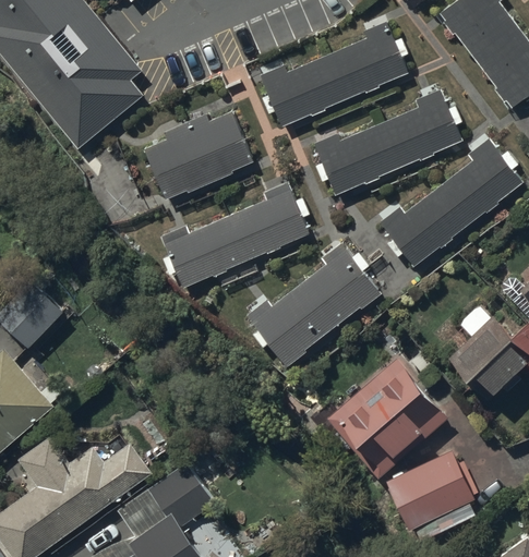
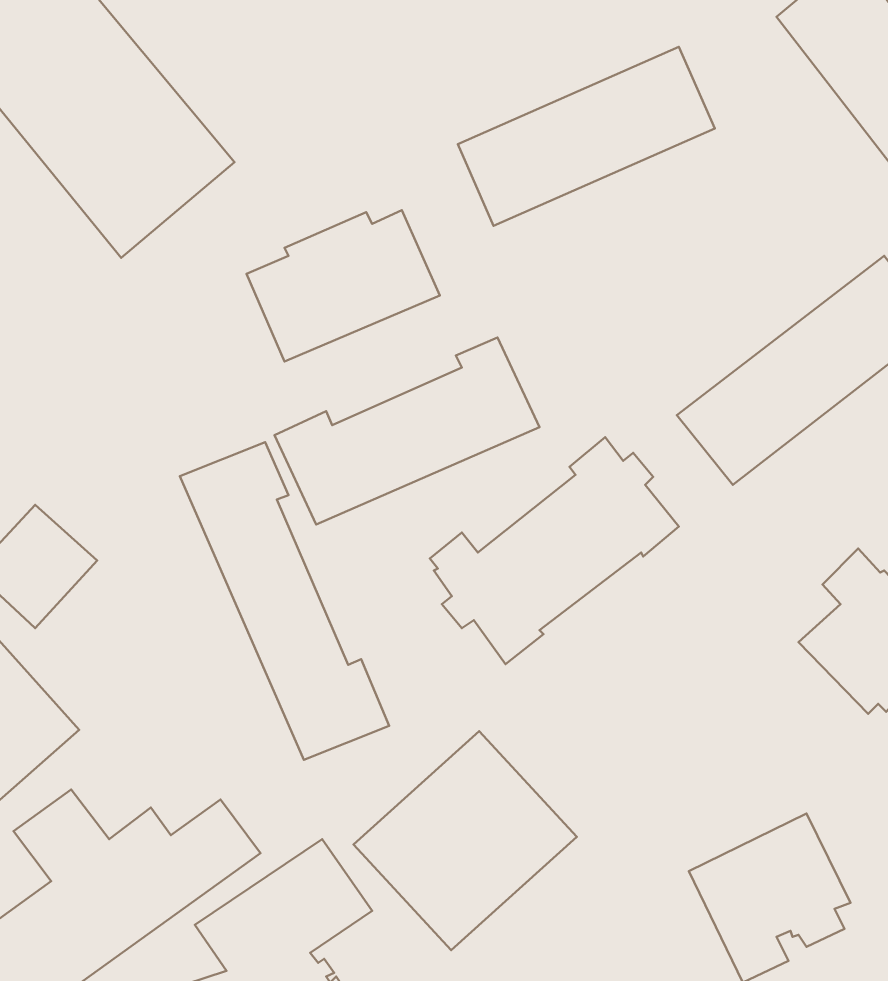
building: [312,95,464,197] -> none
building: none -> [180,442,389,760]
building: [326,358,448,477] -> [354,731,577,950]

